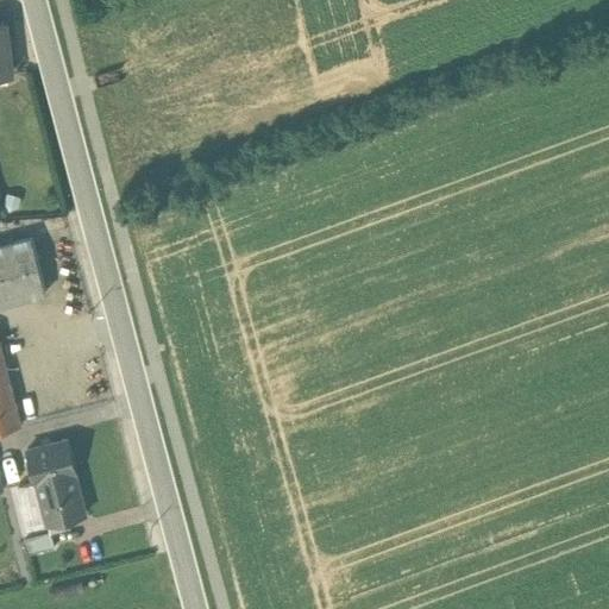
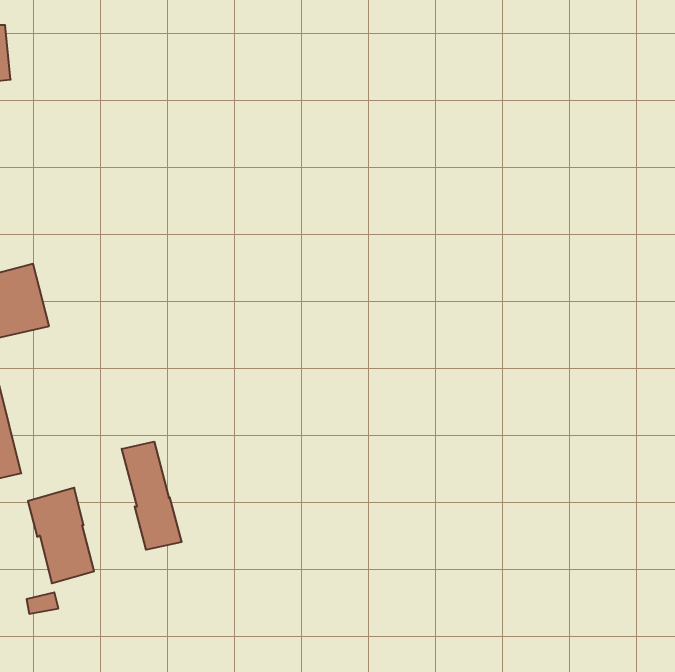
building: none -> [122,442,182,550]

